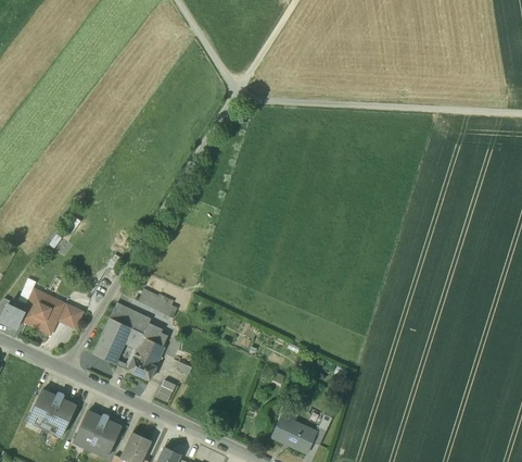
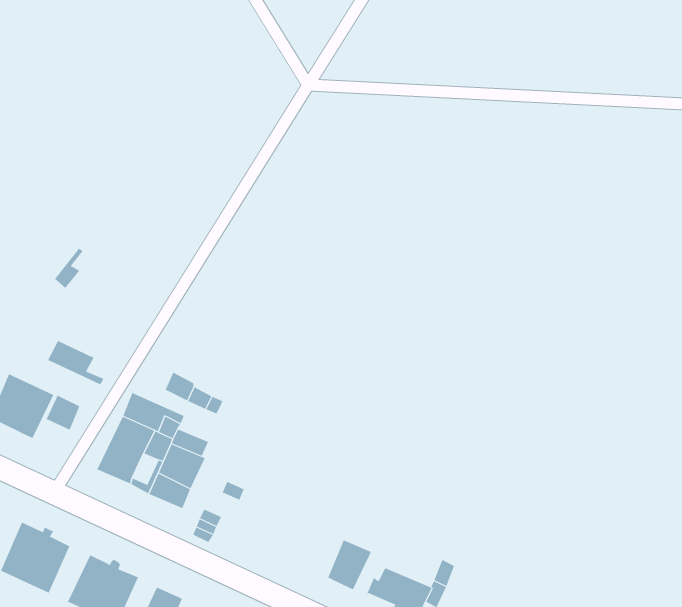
building: none -> [47,340,104,385]
building: none -> [328,539,371,590]

